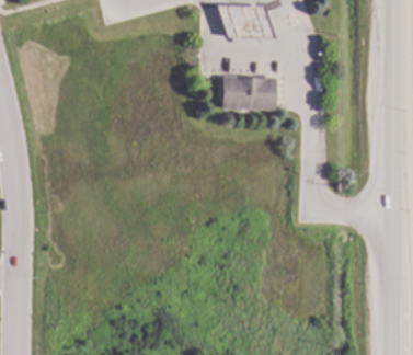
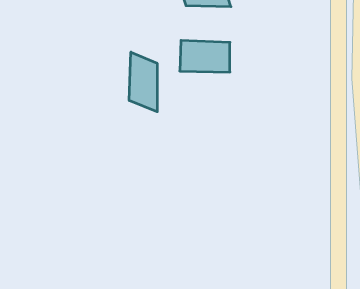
building: none -> [129,52,157,112]

